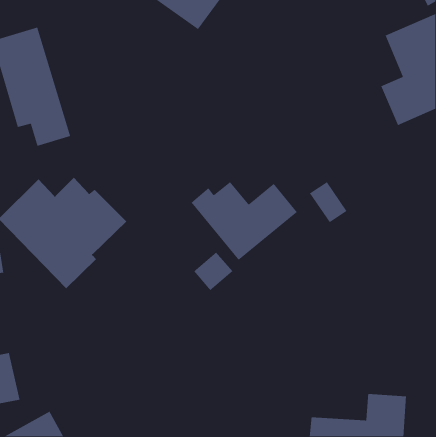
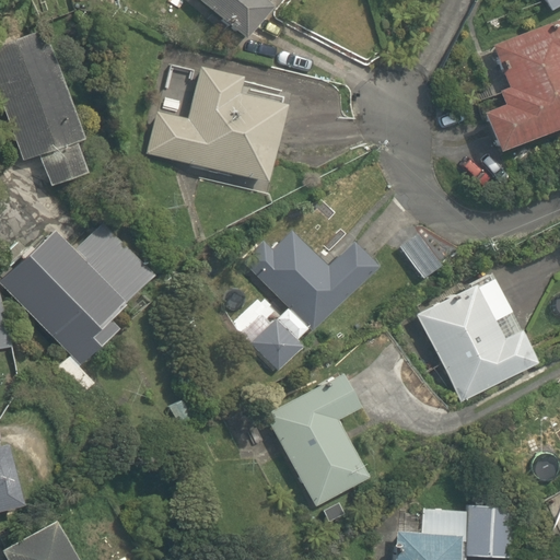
building: none -> [147,70,292,185]
building: none -> [416,268,541,399]
building: none -> [266,375,370,508]

